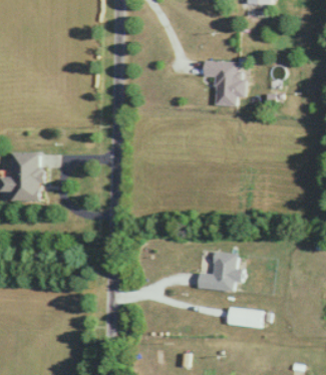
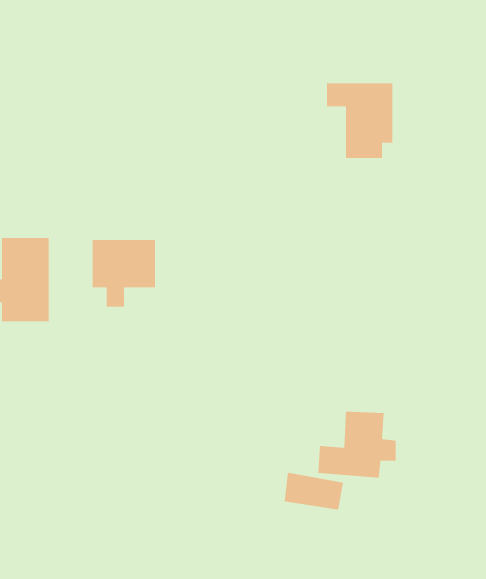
building: none -> [92,239,155,307]
building: [227,307,262,329] -> [284,472,344,510]

